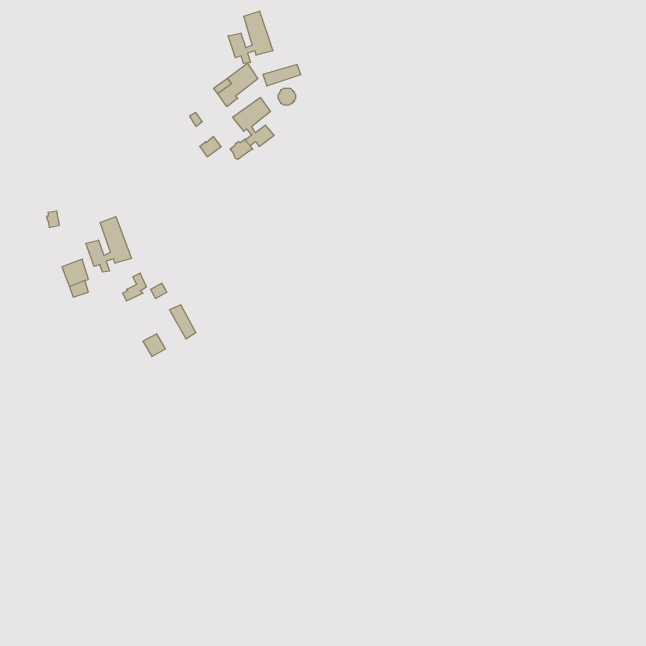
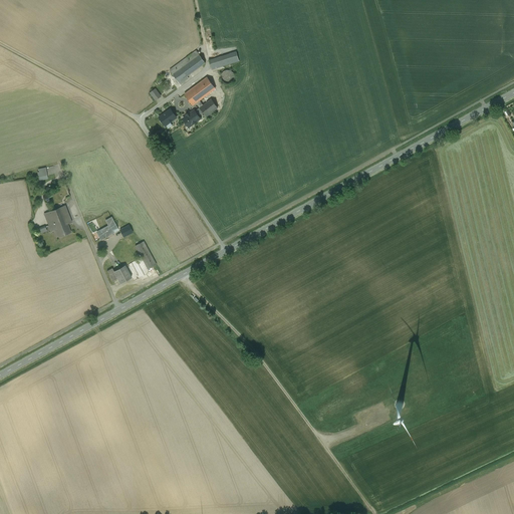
building: [228,11,273,63] -> none
building: [86,217,132,272] -> none

